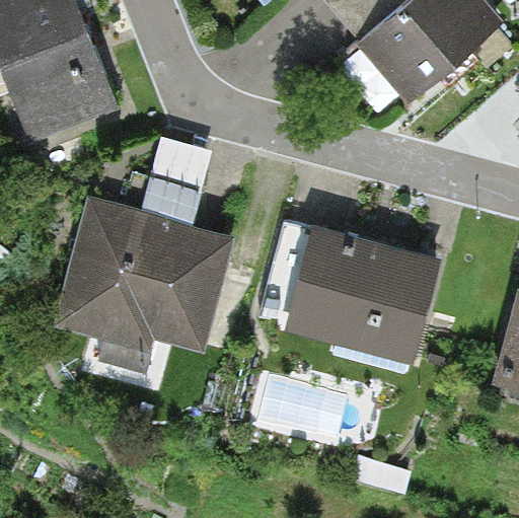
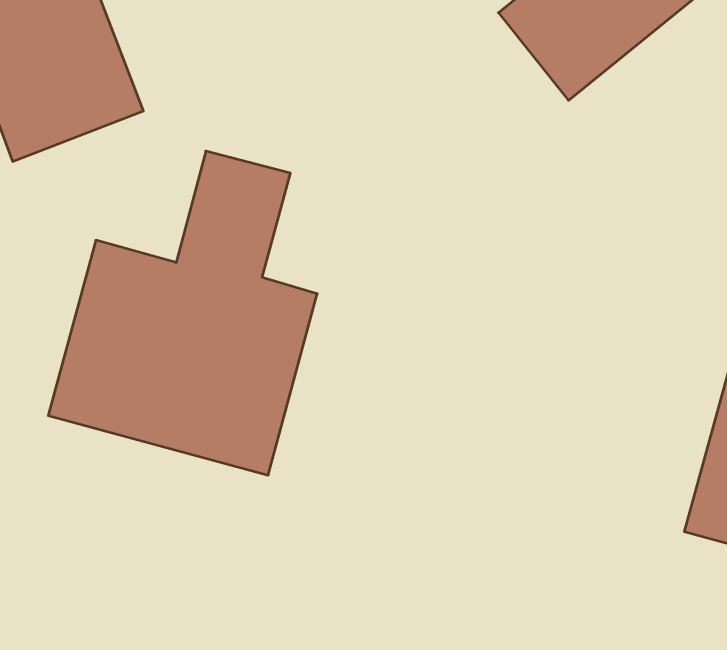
building: [279,222,439,369] -> none

